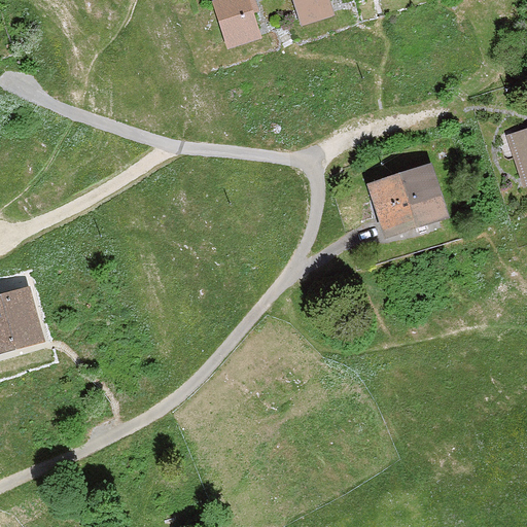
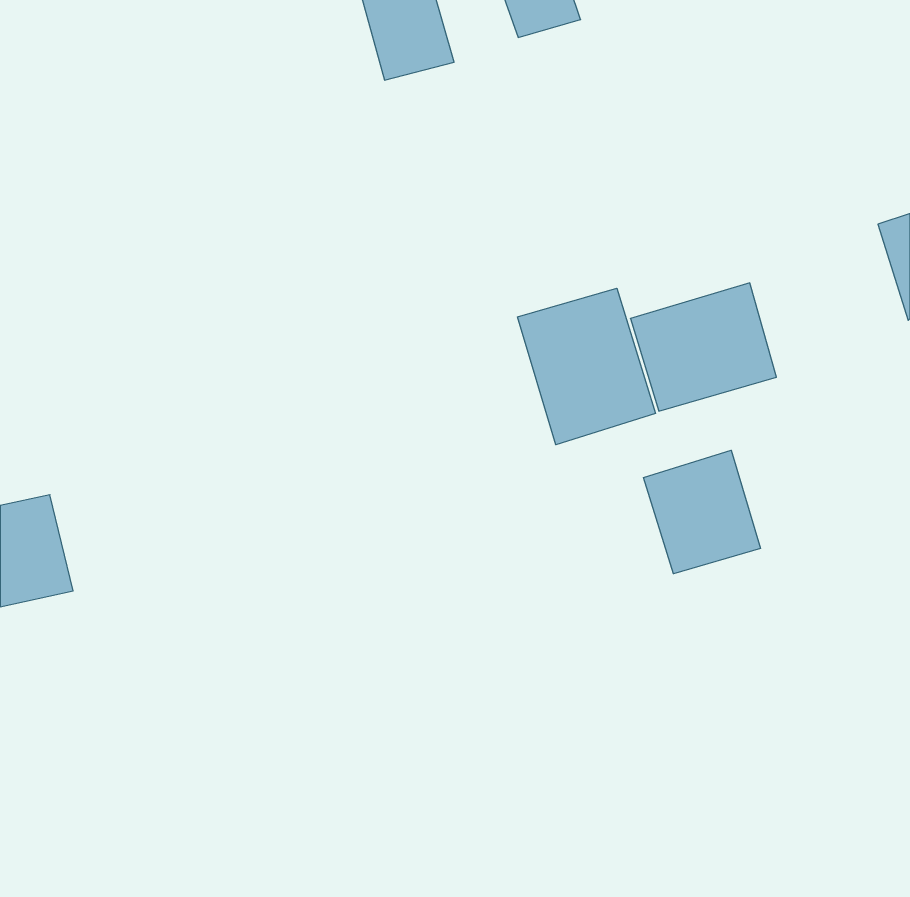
building: none -> [518,288,656,445]
building: none -> [643,450,761,574]

